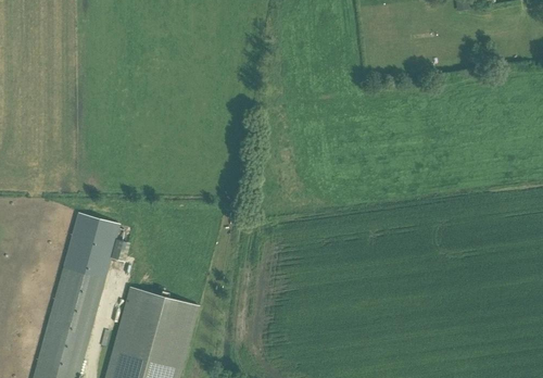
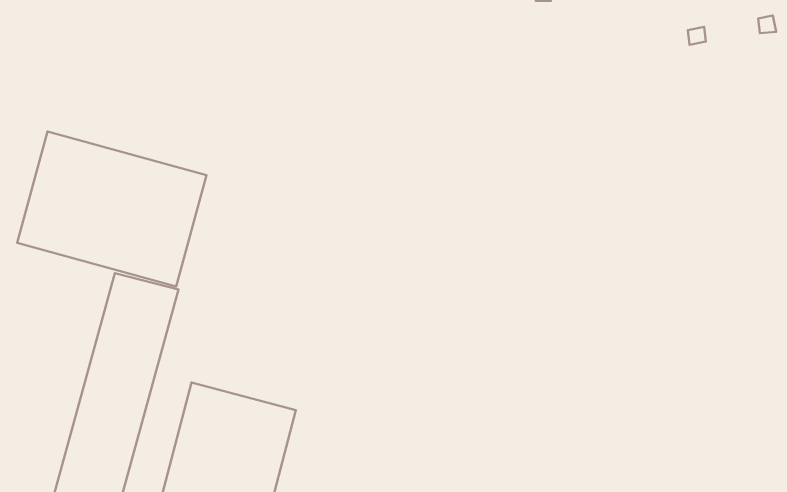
building: none -> [17,132,206,286]

